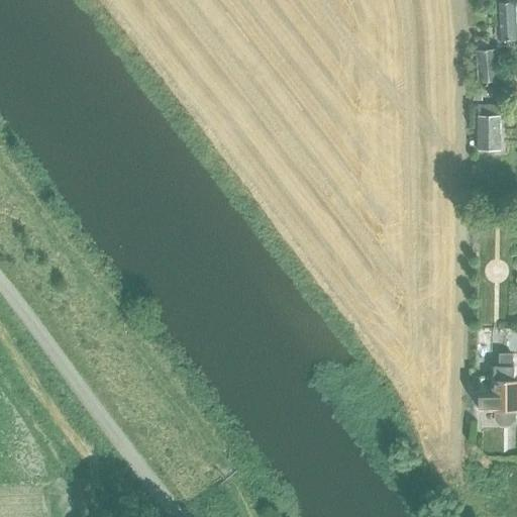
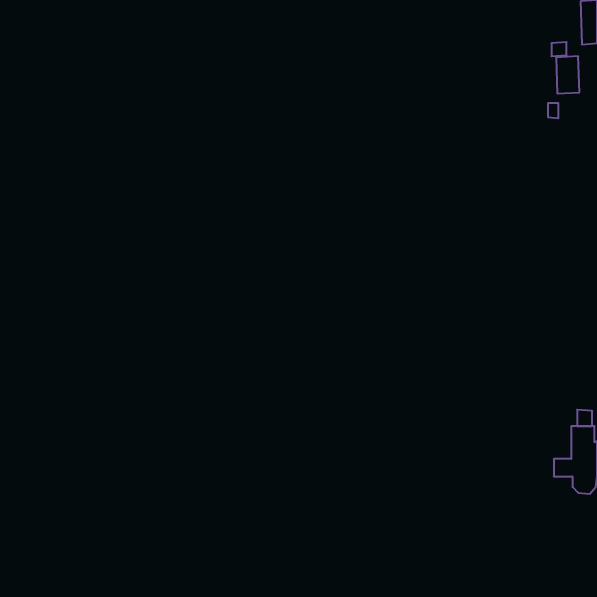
building: [481,105,501,150] -> none

